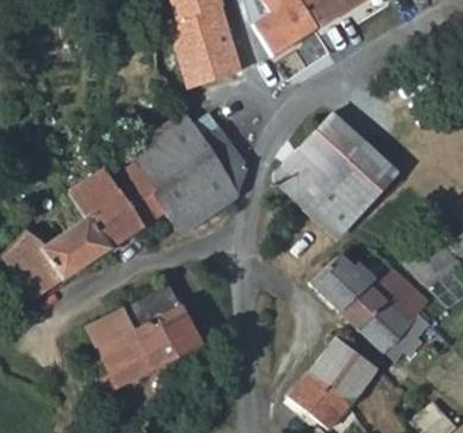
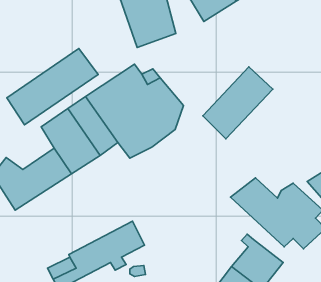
building: none -> [7,48,98,125]
building: [304,143,406,237] -> none
building: [87,284,184,357] -> none

